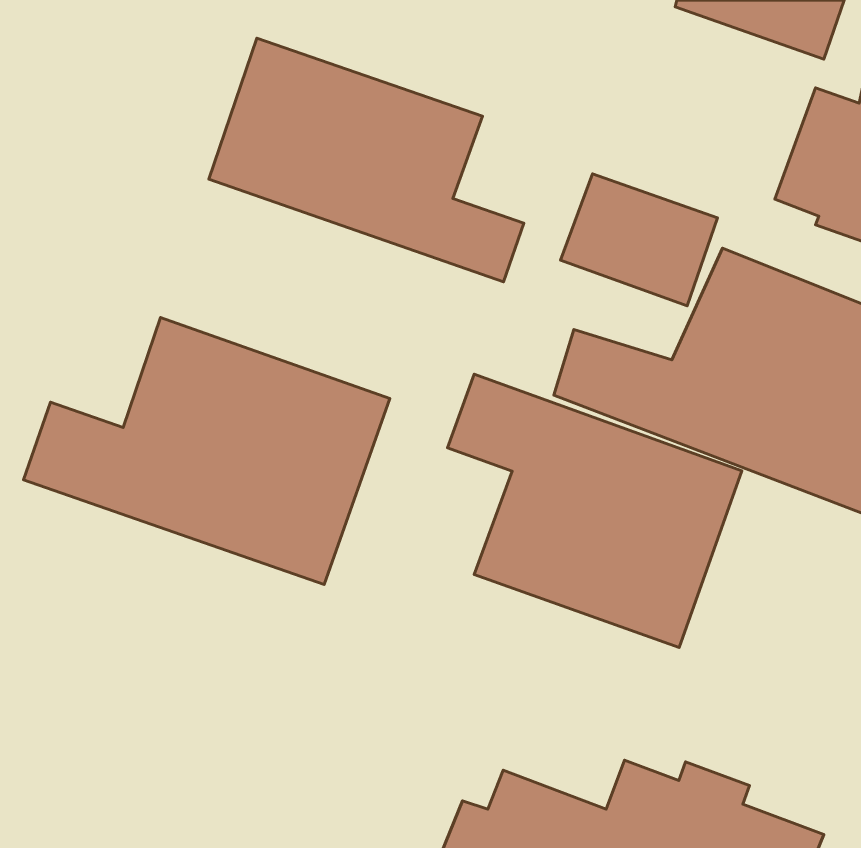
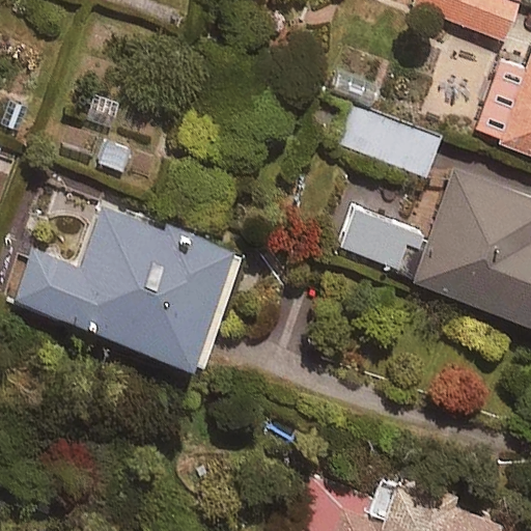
building: [209,38,524,282] -> none
building: [448,374,742,647] -> none

